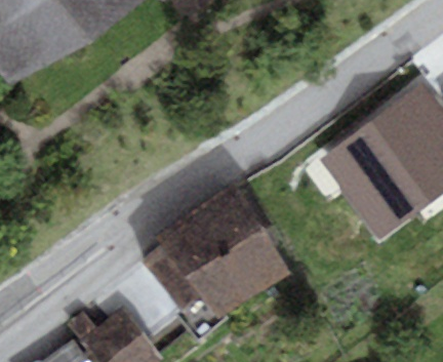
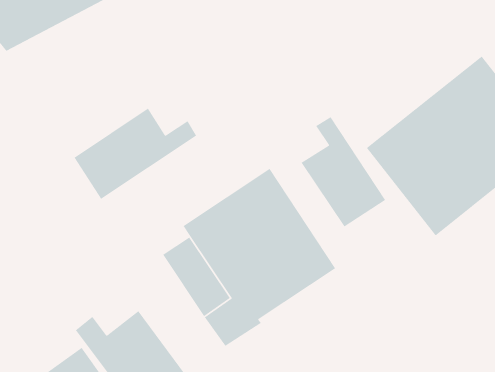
building: none -> [73,107,197,200]
building: none -> [300,116,386,228]

